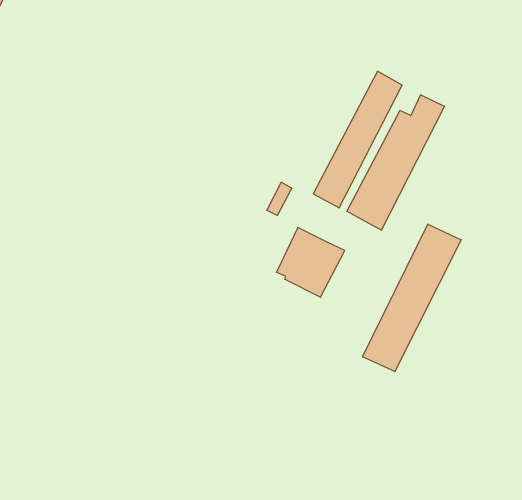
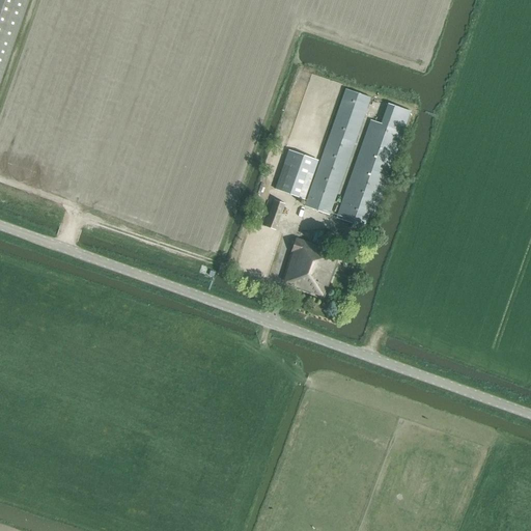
building: none -> [275,148,317,198]
building: [363,224,461,372] -> none

